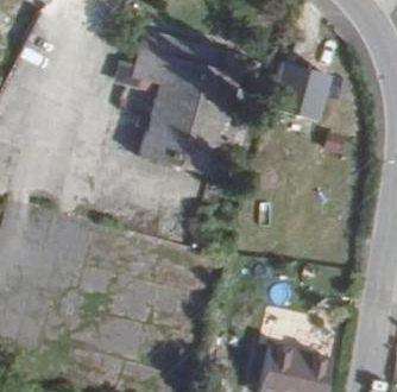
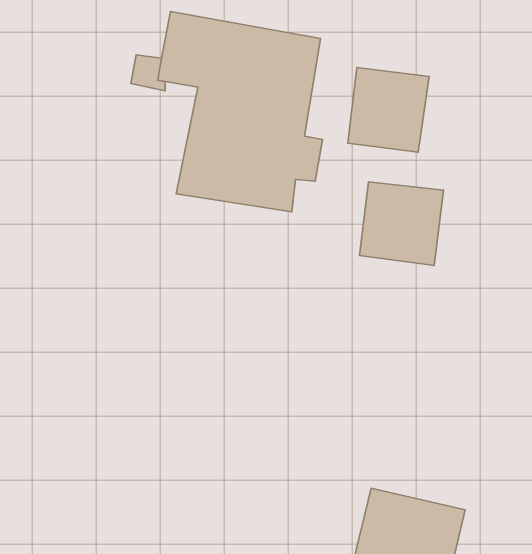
building: none -> [359,182,444,266]

